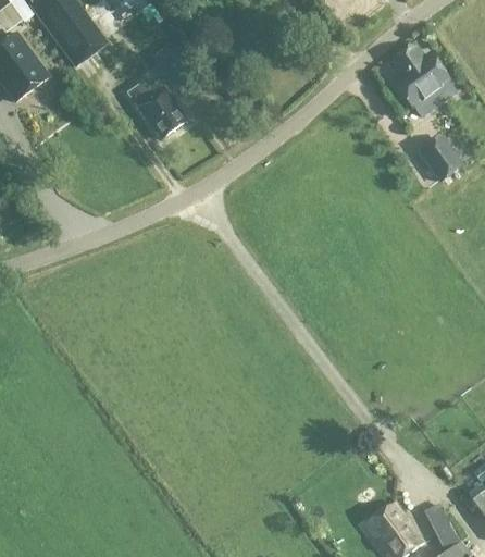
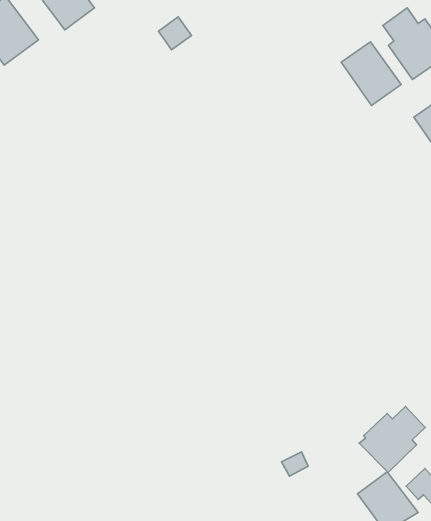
building: none -> [341,42,401,105]
building: [126,76,187,138] -> none
building: none -> [359,406,425,472]

